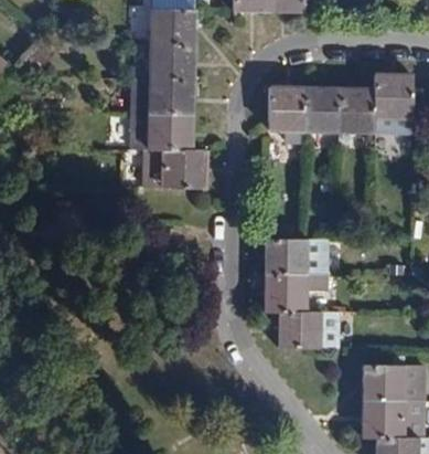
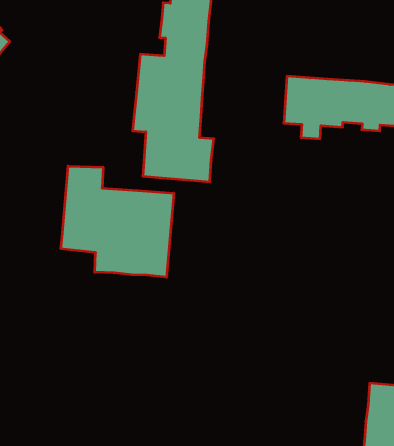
building: none -> [61,166,174,277]
building: [265,237,341,348] -> none

